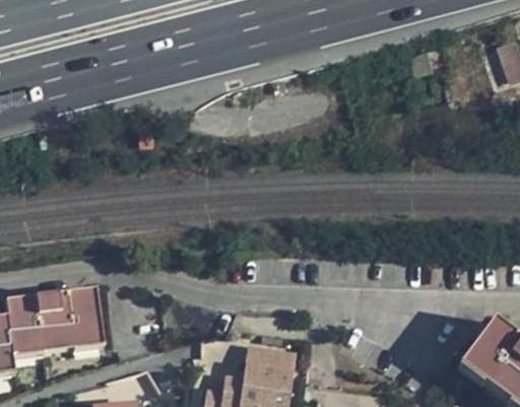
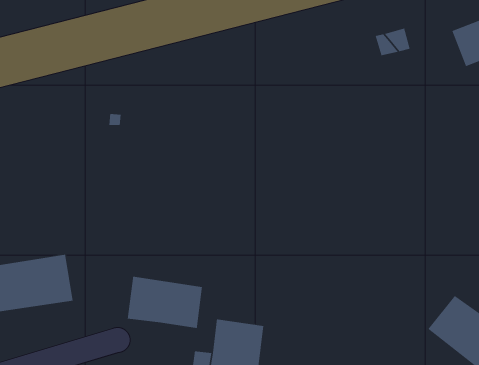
building: none -> [127,276,203,329]

